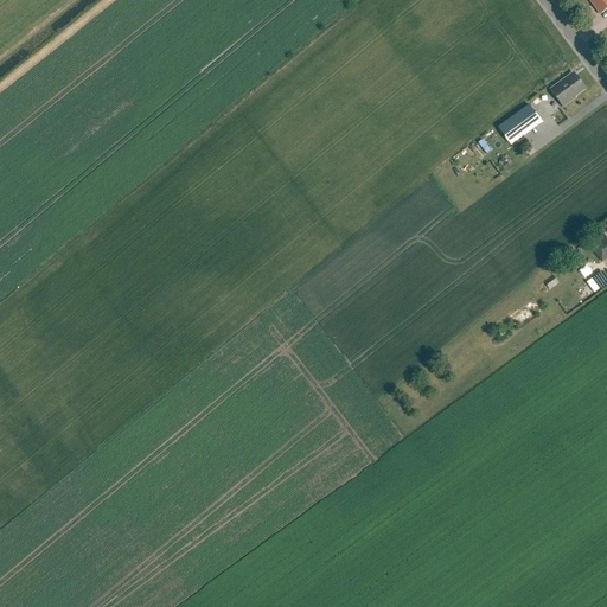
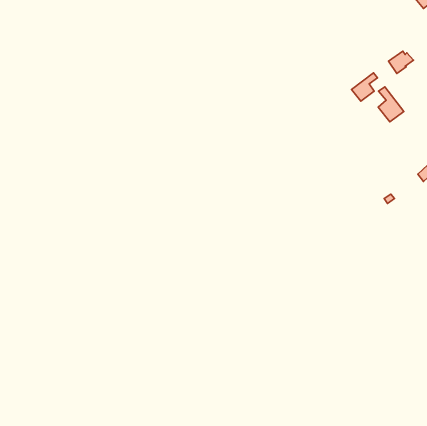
building: none -> [378,87,404,122]

